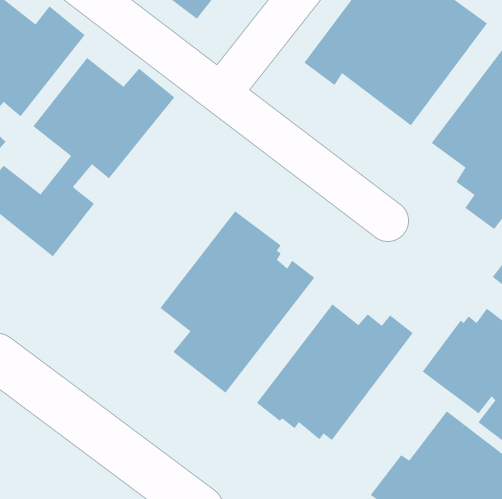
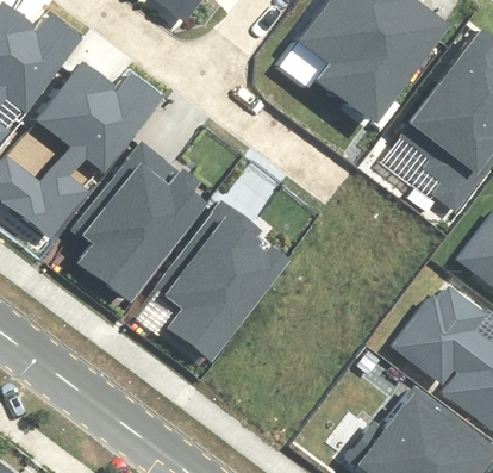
building: none -> [73,144,207,301]
building: [256,304,414,441] -> none

